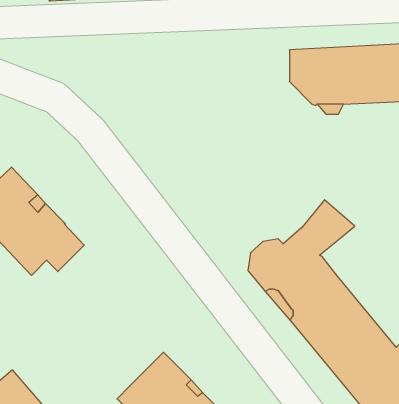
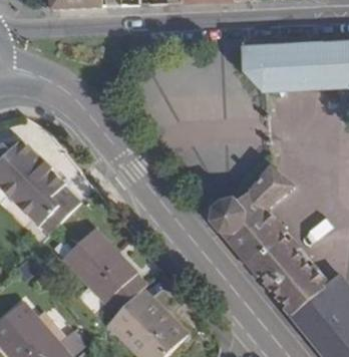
building: none -> [63,228,146,314]

